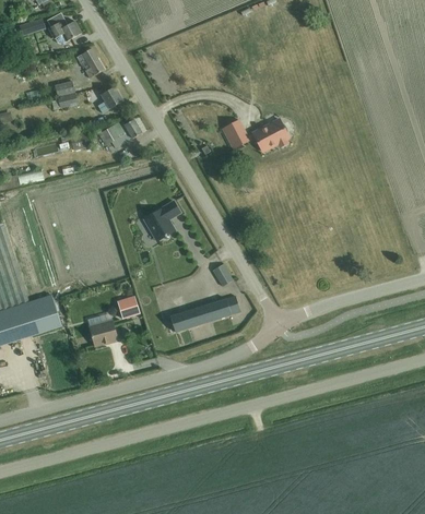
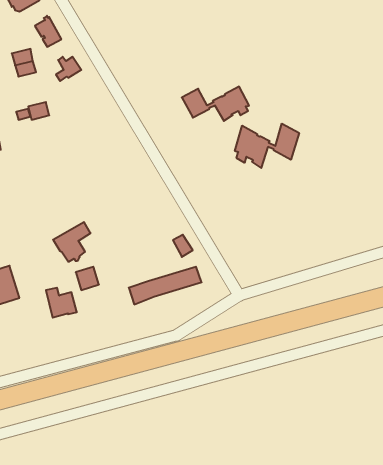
building: [98,119,141,148] -> none
building: none -> [235,124,299,168]
building: [142,201,179,240] -> [53,222,91,262]

